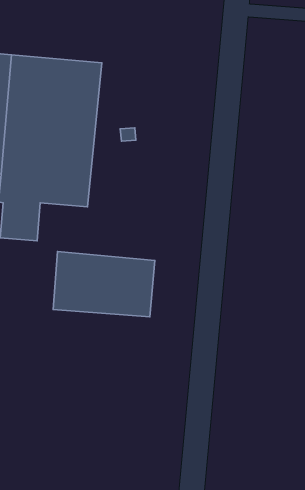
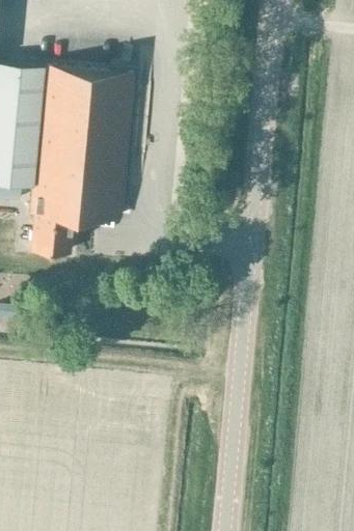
building: [53,251,155,317] -> none

